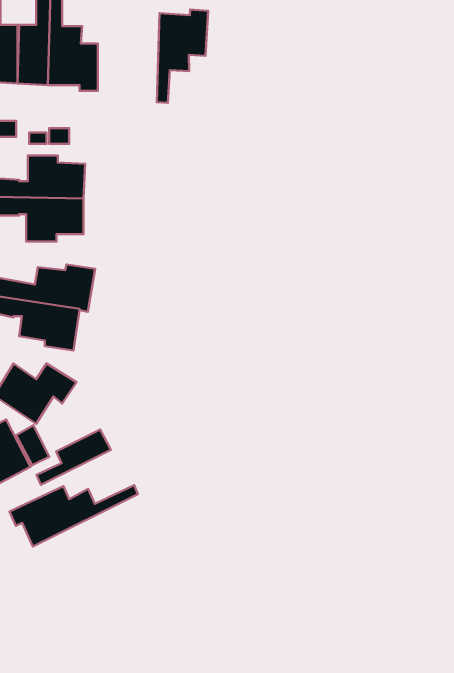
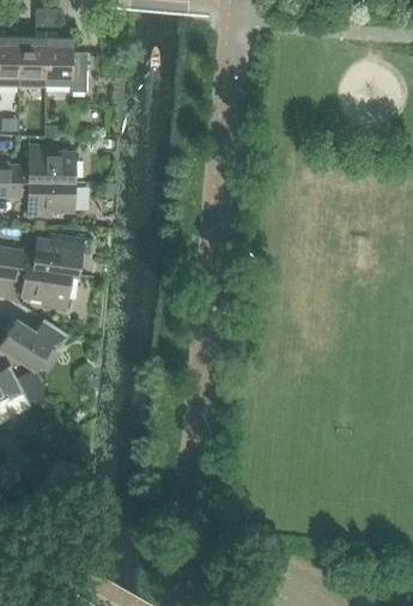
building: [157,10,208,103] -> none
building: [36,430,111,485] -> none
building: [9,485,138,547] -> none

